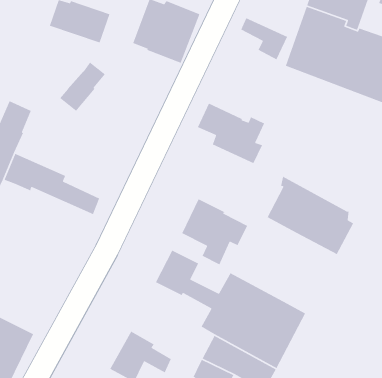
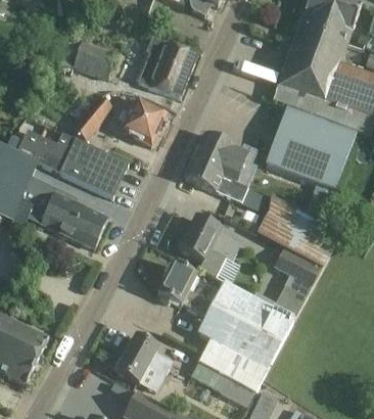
building: none -> [121,98,167,145]
building: none -> [265,107,356,221]
building: none -> [38,132,128,196]
building: none -> [184,153,247,201]
building: none -> [26,204,101,247]
building: none -> [272,248,320,320]

